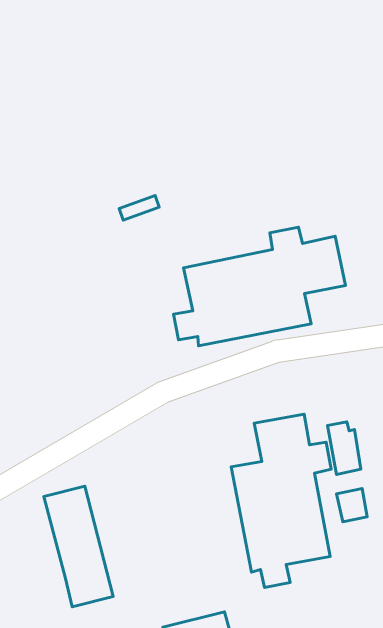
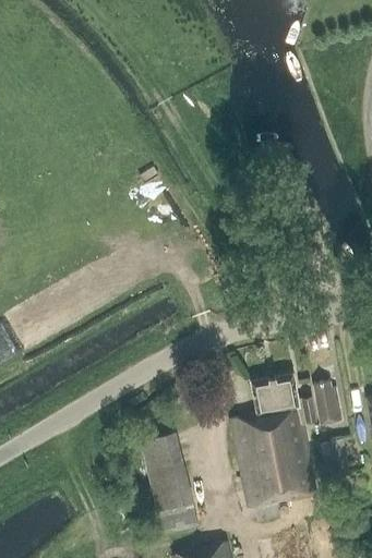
building: [173,227,346,346] -> none
building: [44,486,113,607] -> [140,432,199,534]

